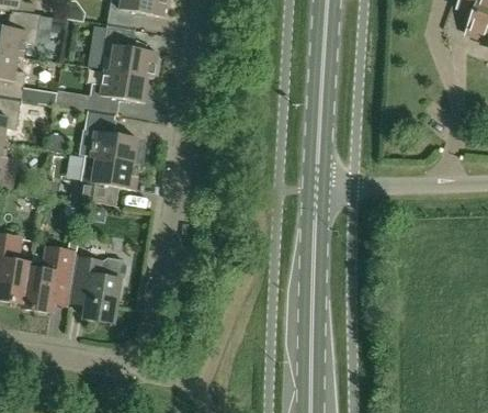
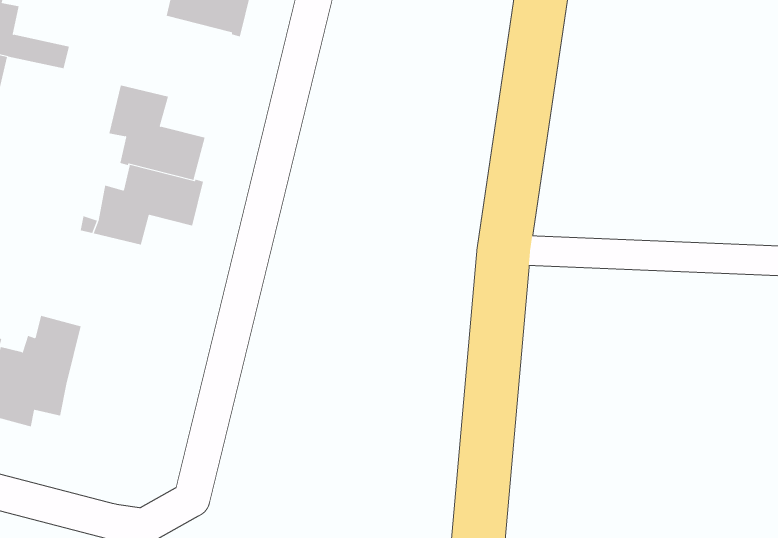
building: [87,68,148,115] -> none
building: [75,256,126,322] -> none

